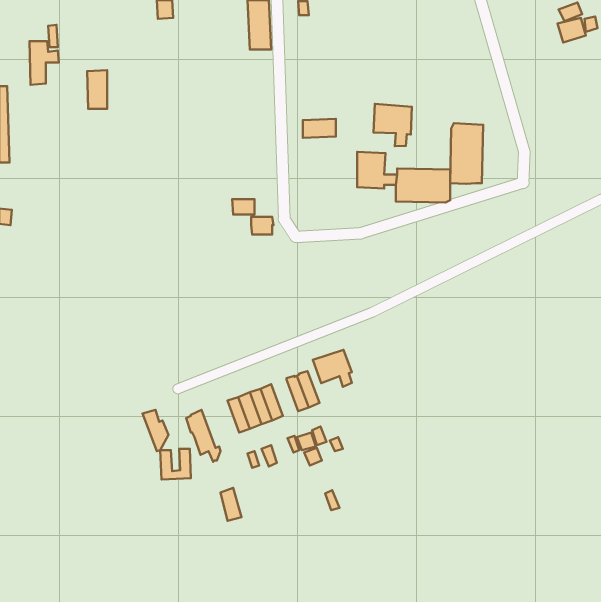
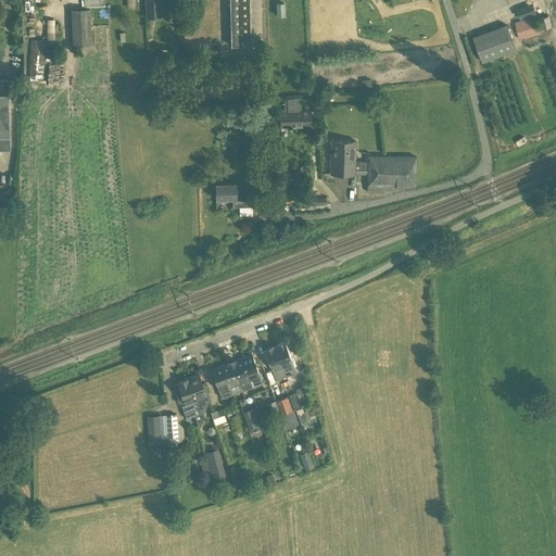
building: none -> [472,25,515,62]
building: [87,70,107,109] -> [70,12,88,48]
building: [373,104,412,146] -> none
building: [450,123,483,184] -> none
building: [313,350,352,387] -> none
building: [143,410,169,451] -> [186,375,210,413]

